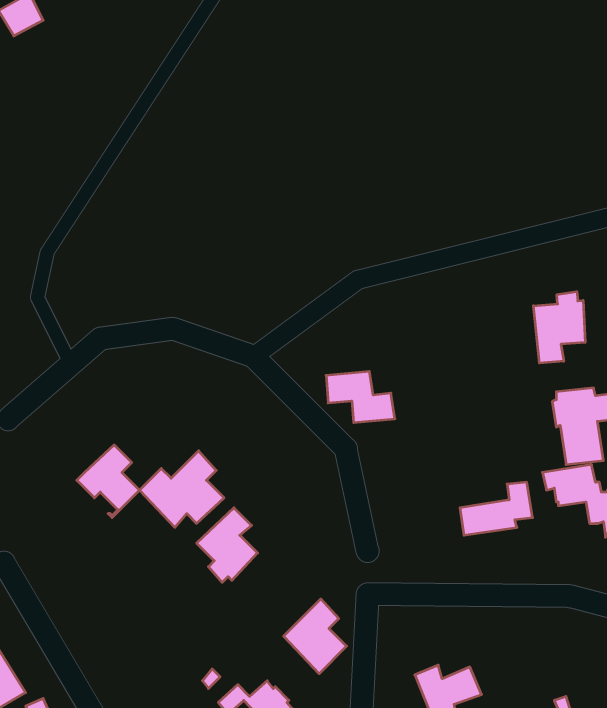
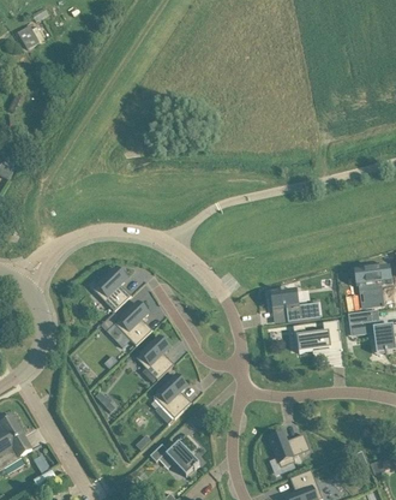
building: [533,292,585,363] -> none
building: [326,371,395,423] -> [270,290,312,321]
building: [77,445,140,518] -> [92,267,131,311]
building: [284,599,347,674] -> [152,373,191,418]

